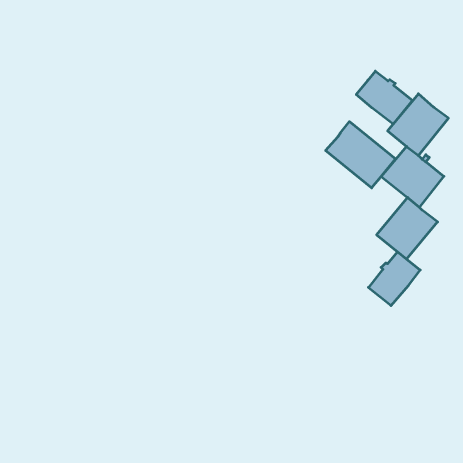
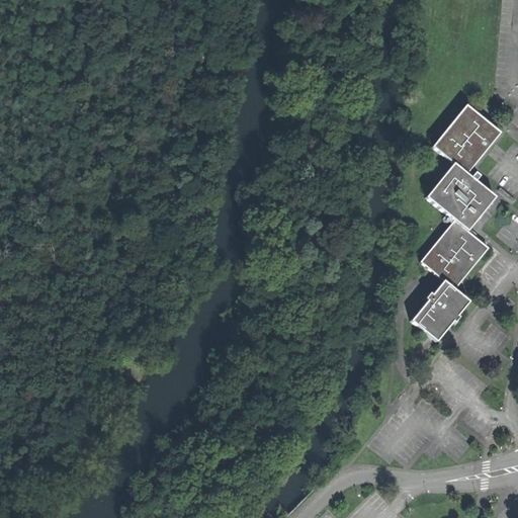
building: [356,71,412,124] -> none
building: [326,122,396,188] -> none

